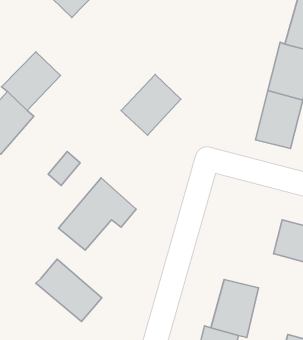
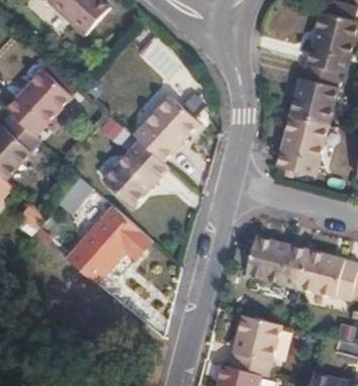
building: none -> [102,139,167,205]
building: none -> [246,237,305,287]
building: [36,259,102,322] -> none

